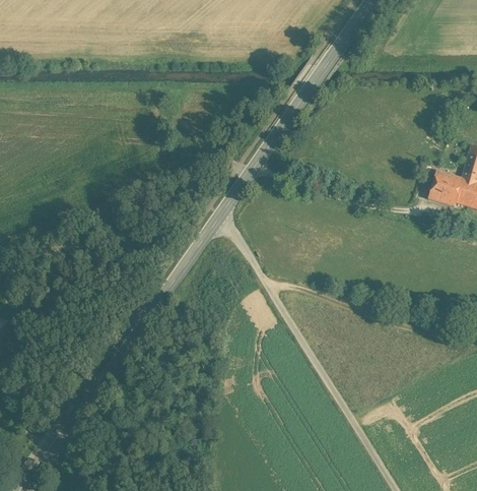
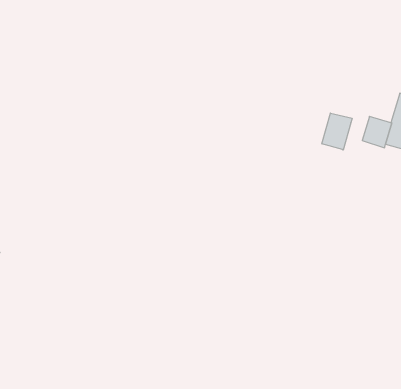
building: none -> [322,113,352,150]

